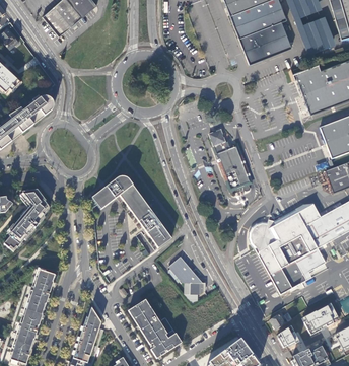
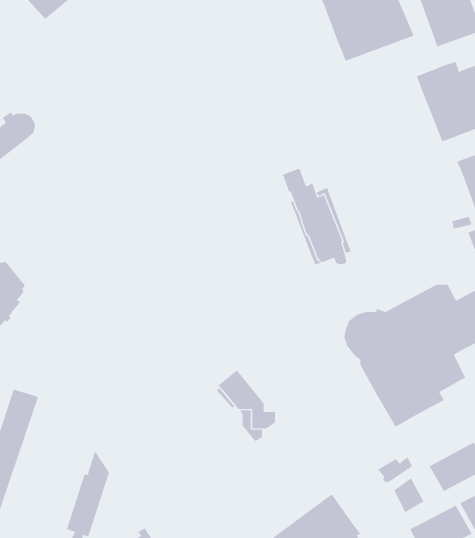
building: [91,175,171,247] -> none
building: [128,298,182,357] -> none

